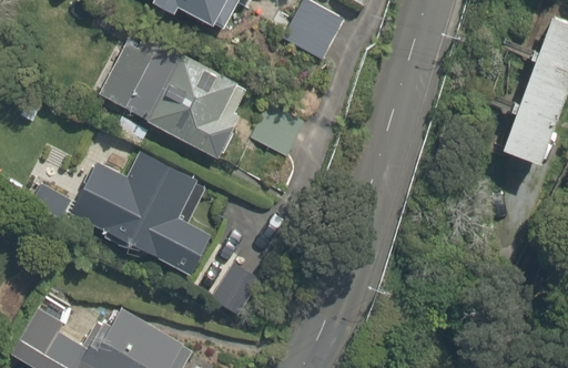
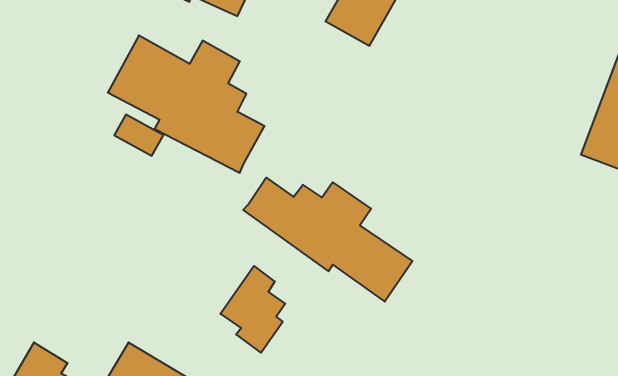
building: [70,153,212,273] -> none
building: none -> [243,178,412,302]

